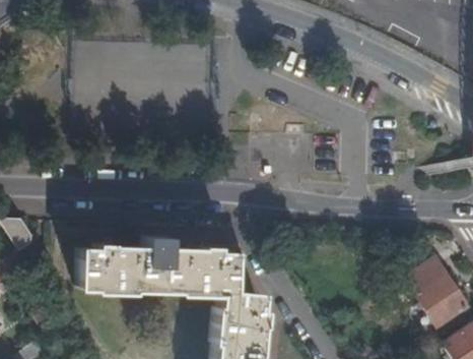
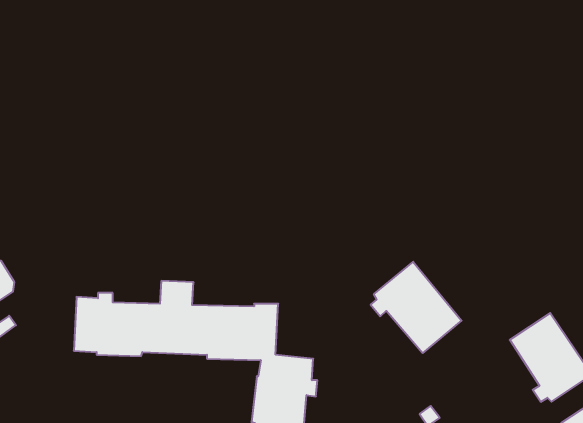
building: none -> [371,262,462,353]

